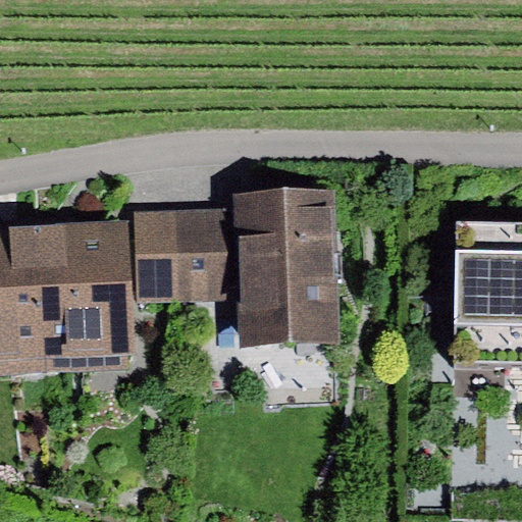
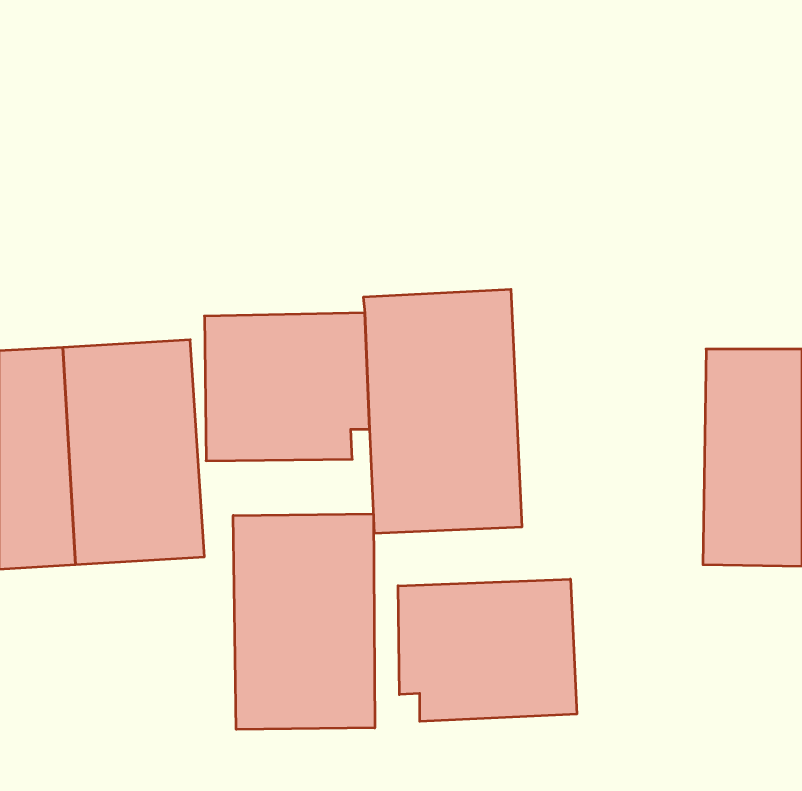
building: none -> [233,514,375,729]
building: none -> [398,579,577,721]

